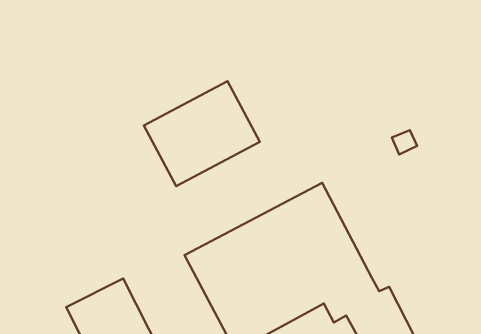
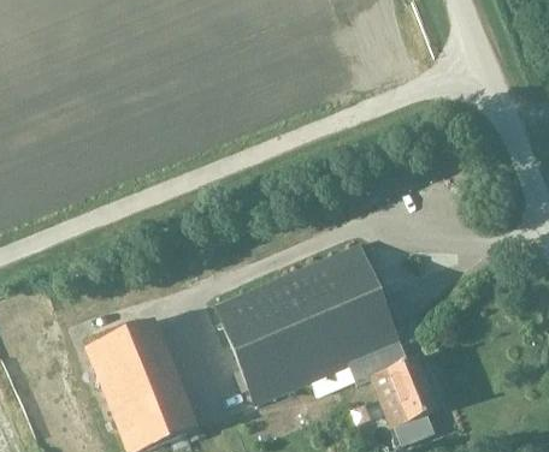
building: [144,81,260,186] -> none

